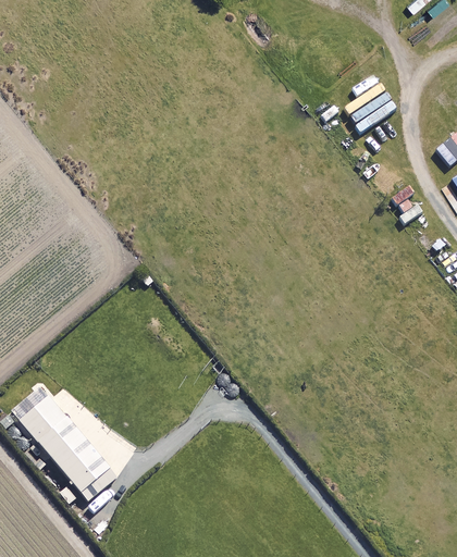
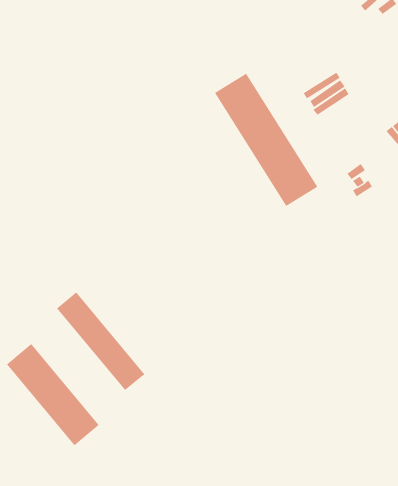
building: none -> [214,73,318,207]
building: none -> [56,292,145,391]

